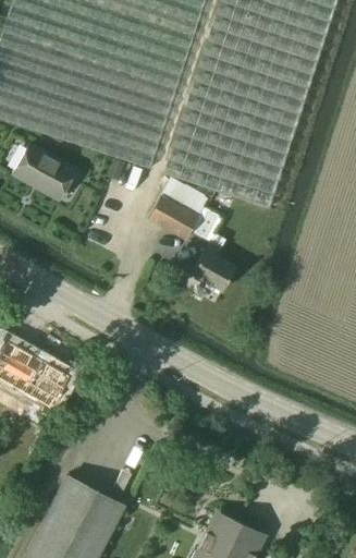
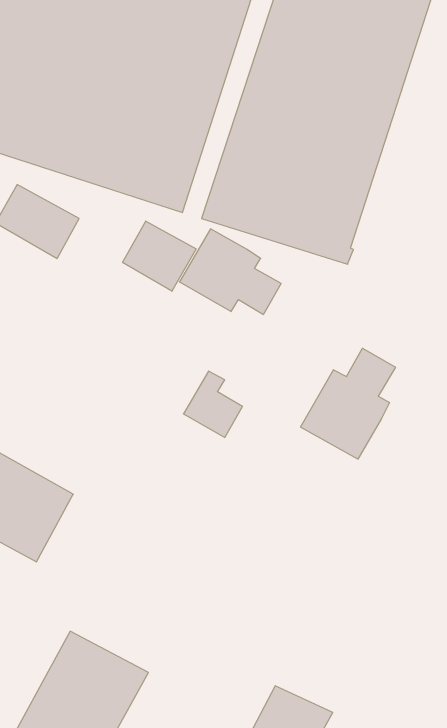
building: none -> [123,221,196,291]
building: [192,241,235,290] -> [183,371,242,437]
building: none -> [301,348,395,459]

